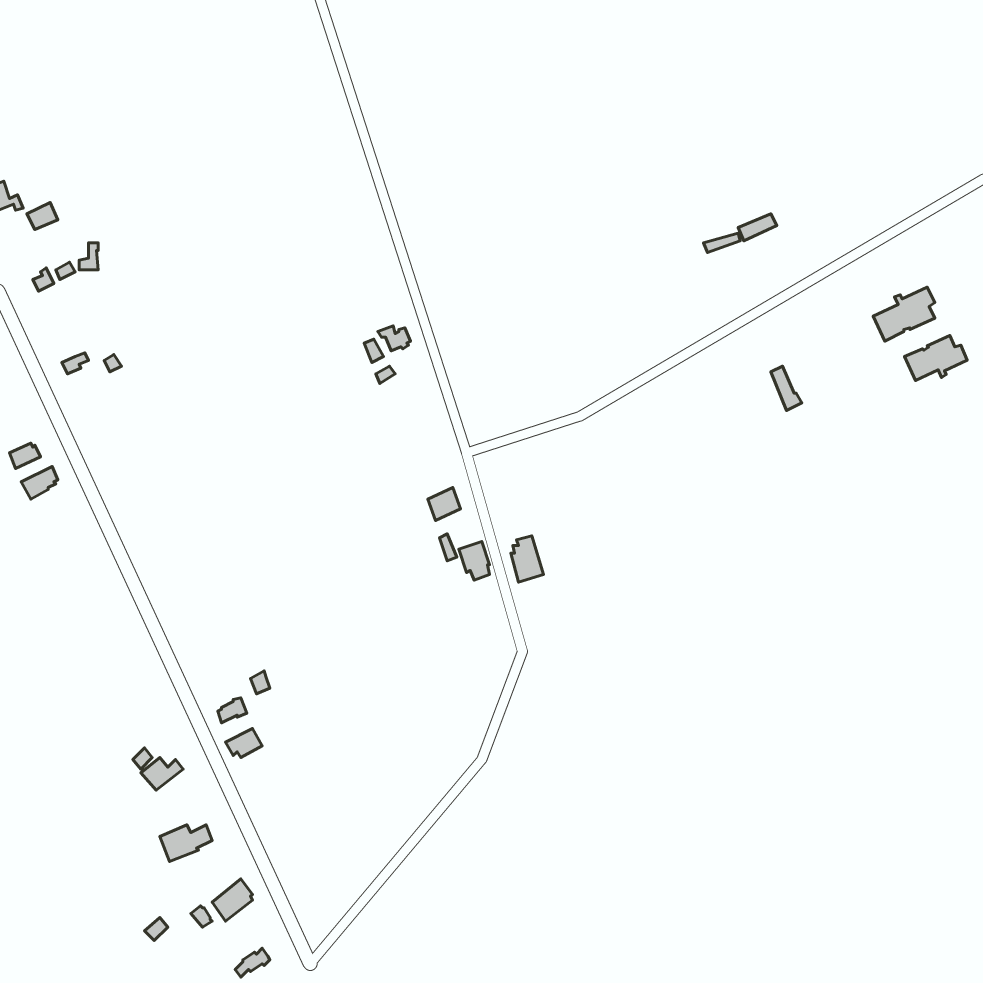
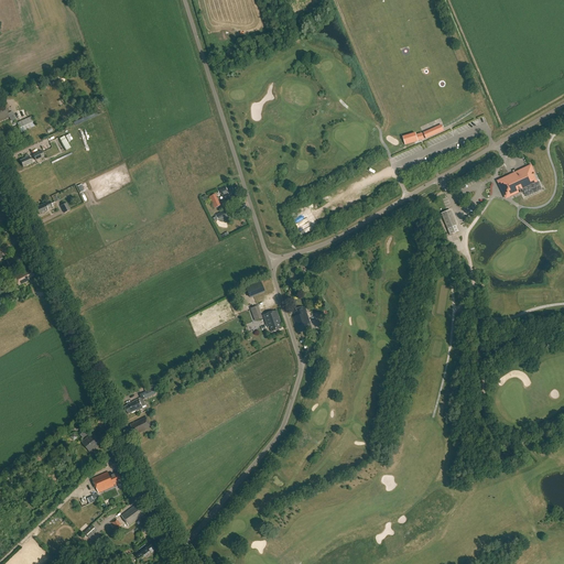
building: [904,335,967,380] -> none

